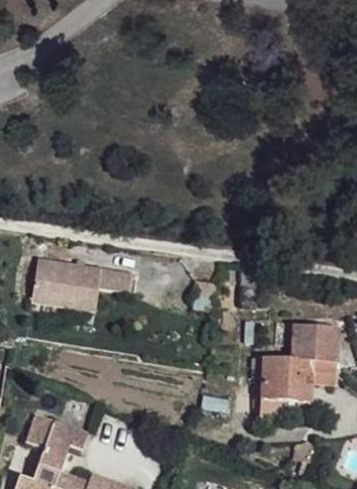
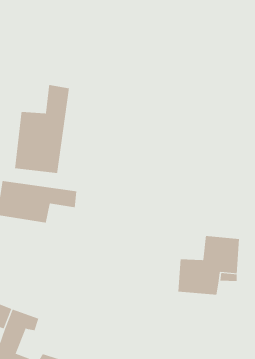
building: none -> [14,84,69,174]

